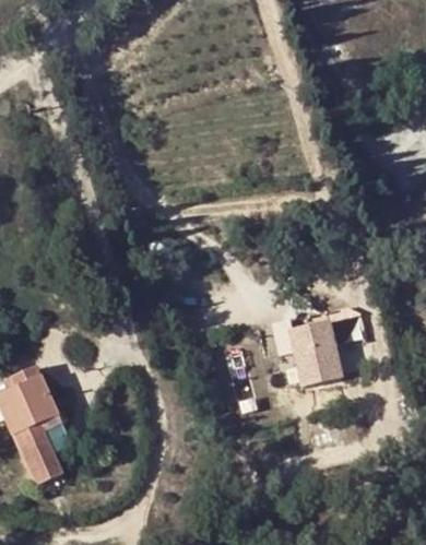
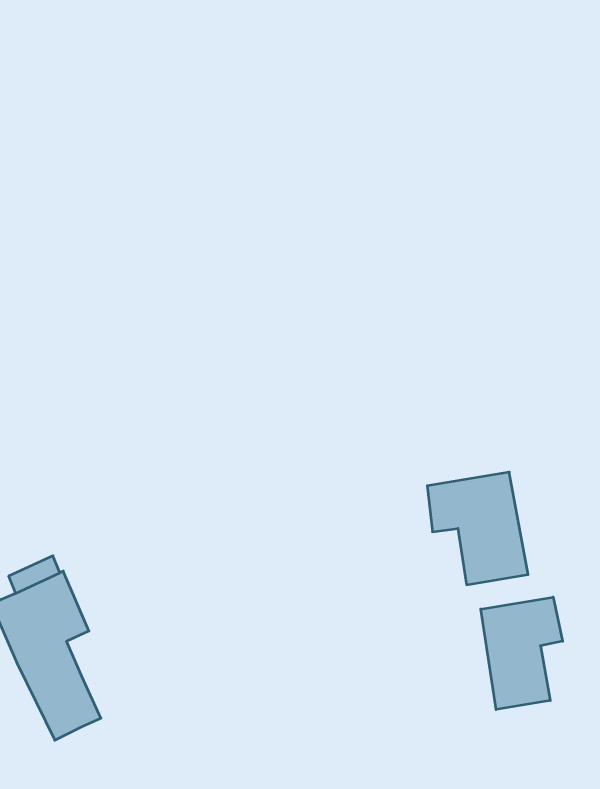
building: none -> [481,597,563,710]

